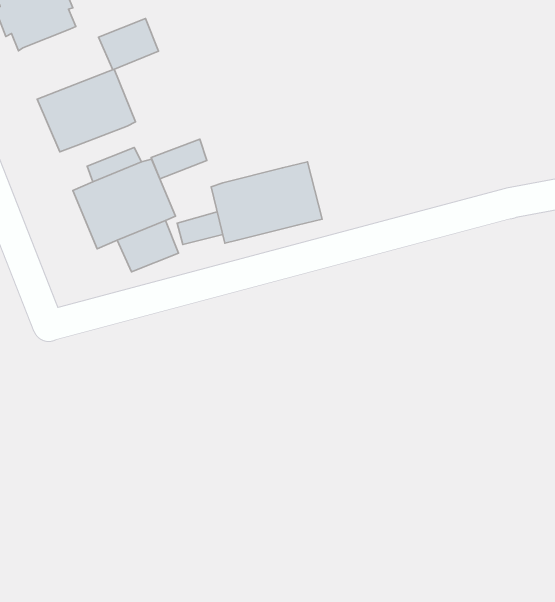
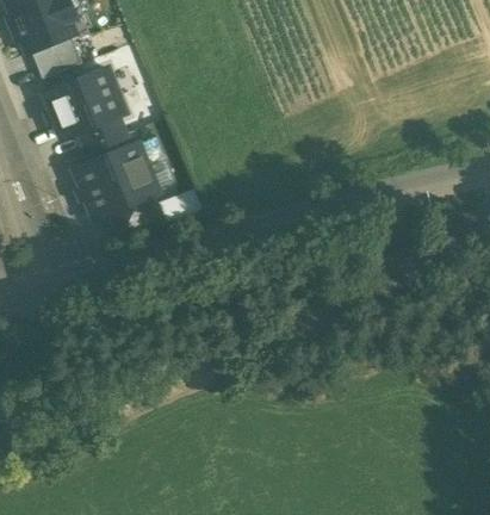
building: [98,18,158,70] -> [33,32,83,75]
building: [151,139,207,179] -> [80,113,126,147]
building: [211,162,322,243] -> none

